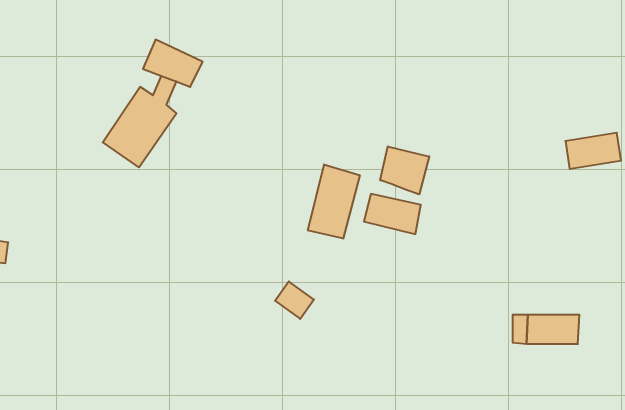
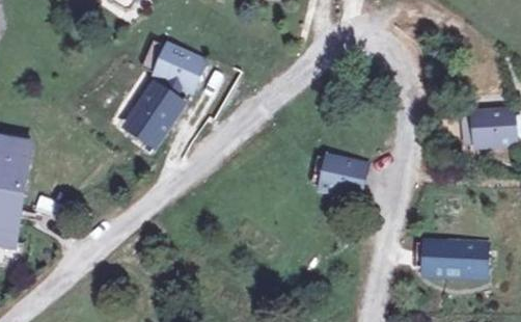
building: [380,146,429,194] -> none
building: [308,164,360,239] -> none

